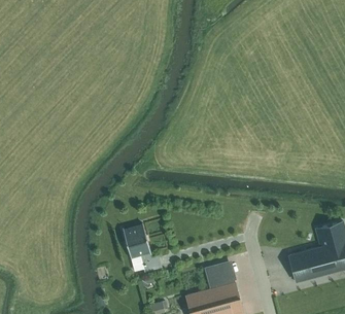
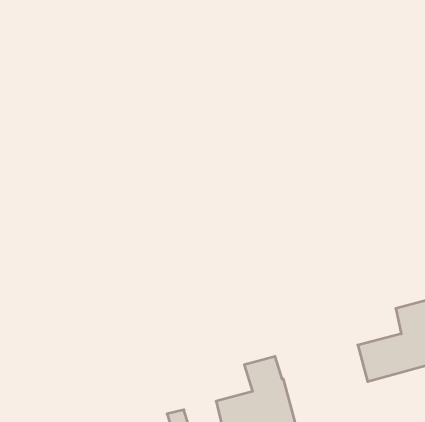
building: [122,224,160,271] -> none

